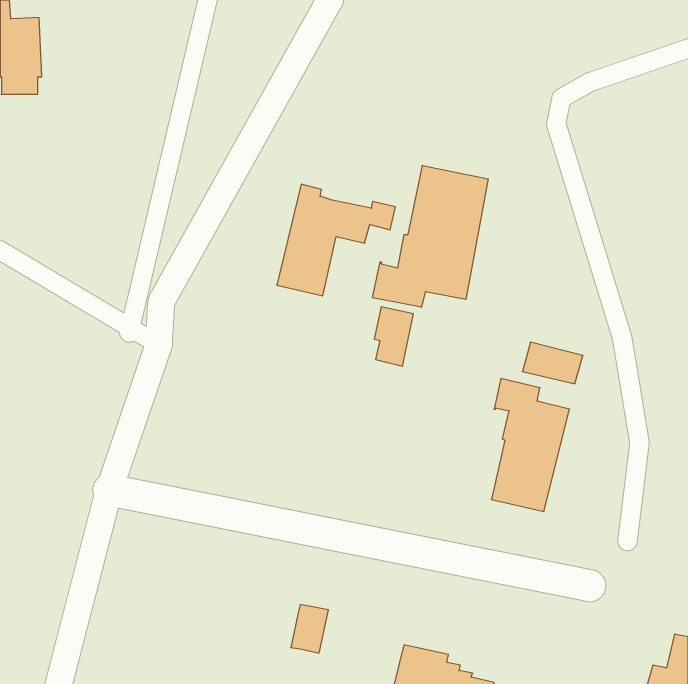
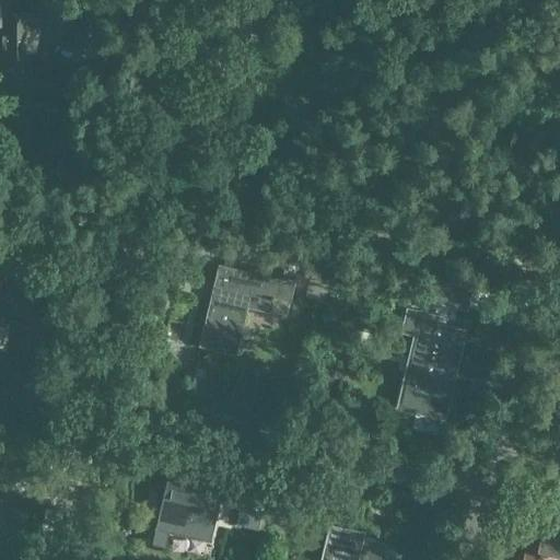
building: [372,165,488,307] -> none
building: [277,184,395,296] -> [199,268,295,359]
building: none -> [153,482,223,549]

